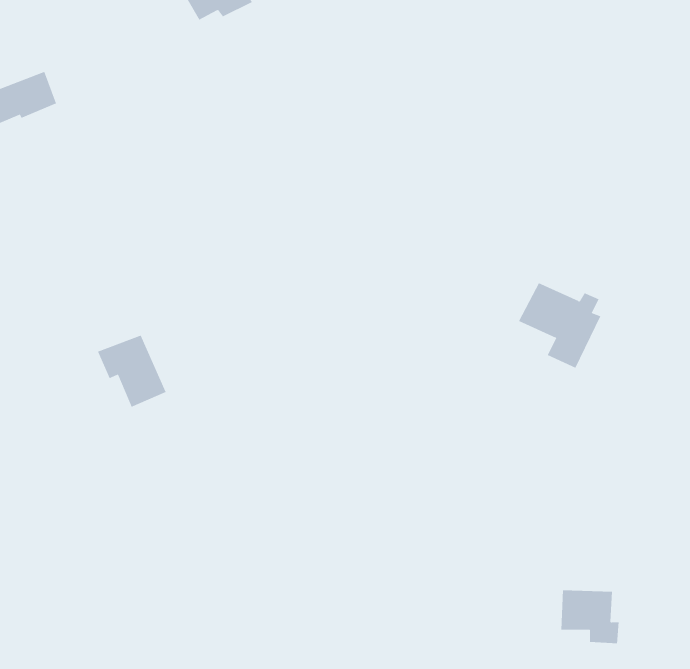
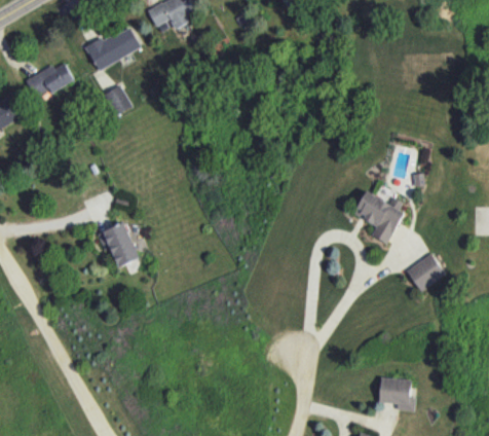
building: none -> [85,26,140,68]
building: none -> [102,84,130,115]
building: none -> [406,253,444,290]

